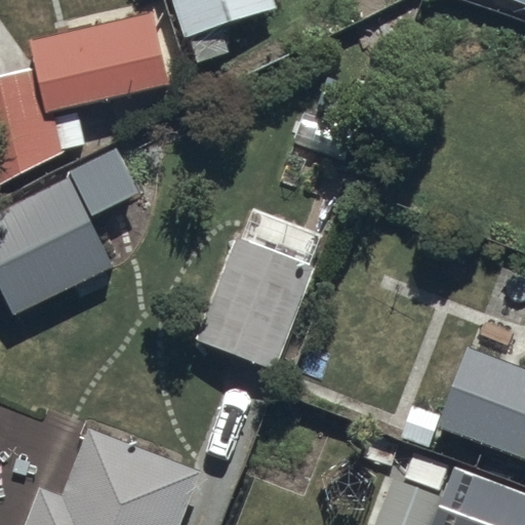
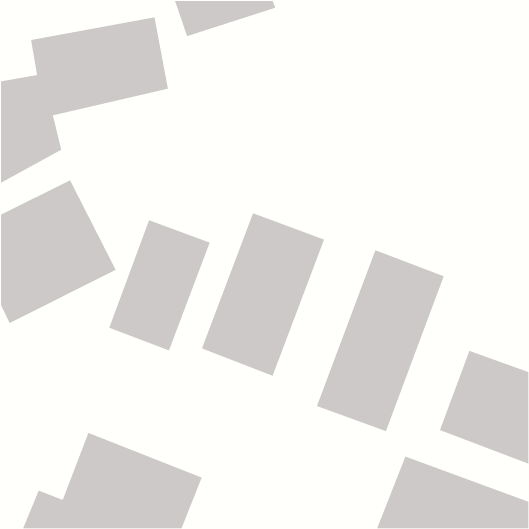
building: none -> [108,219,211,352]
building: none -> [316,249,445,432]

